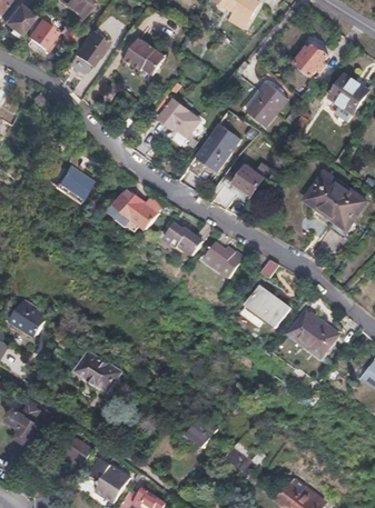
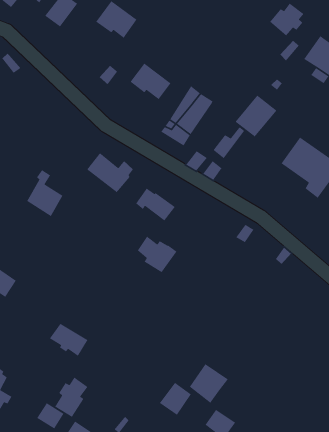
building: [247,80,289,122] -> [234,94,278,138]
building: [55,153,91,200] -> [26,169,64,217]
building: [205,242,245,279] -> [137,236,178,273]
building: [247,286,292,329] -> none
building: [290,310,341,355] -> none
building: none -> [189,363,229,404]
building: none -> [54,377,88,418]

